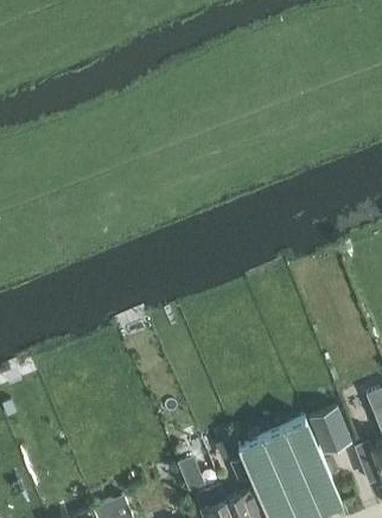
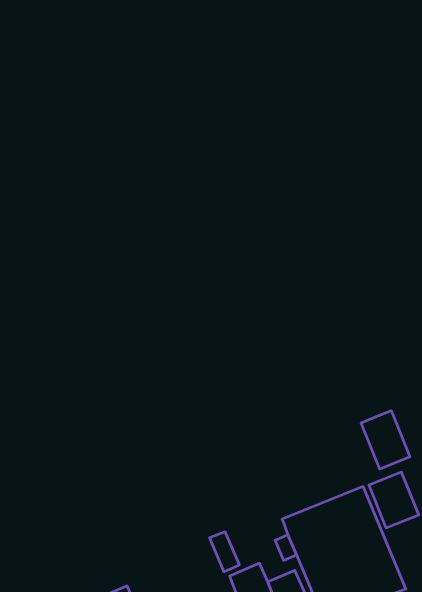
building: none -> [361,411,410,469]

